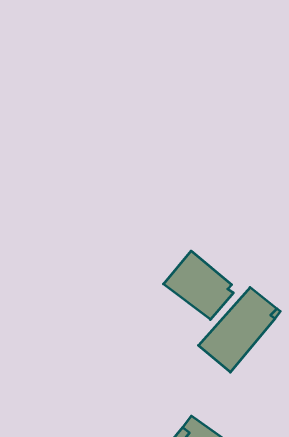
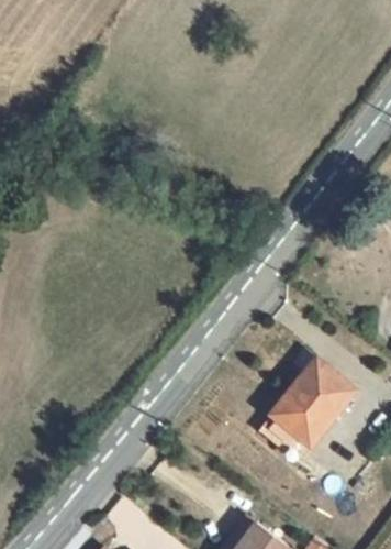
building: [163,251,233,320] -> none

